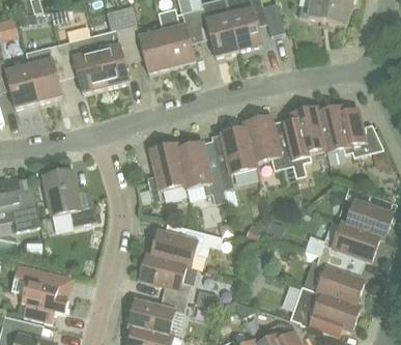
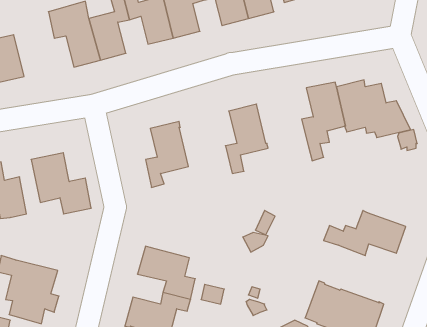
building: [28,44,64,102] -> none
building: [245,115,292,169] -> none
building: [176,141,227,204] -> none
building: [344,186,393,238] -> none
building: [150,226,221,266] -> none
building: [307,253,364,305] -> none

